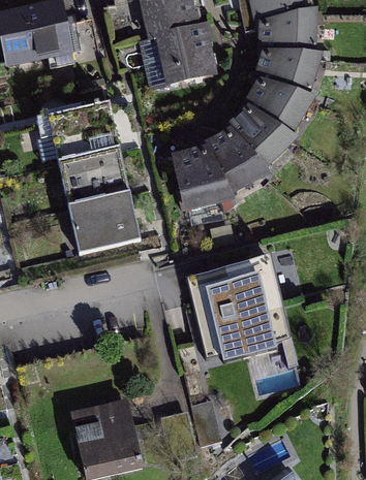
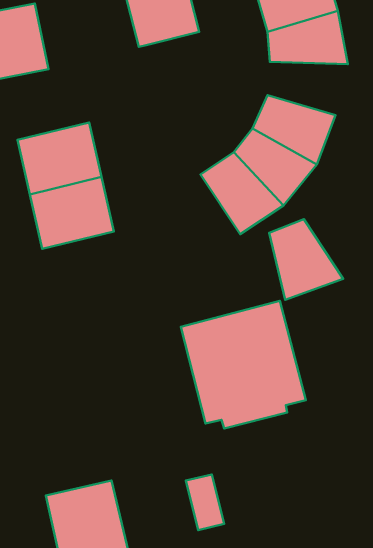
building: [154,26,217,88] -> none
building: [256,52,324,96] -> none
building: [172,146,234,213] -> [269,219,343,300]
building: [68,193,139,253] -> none

